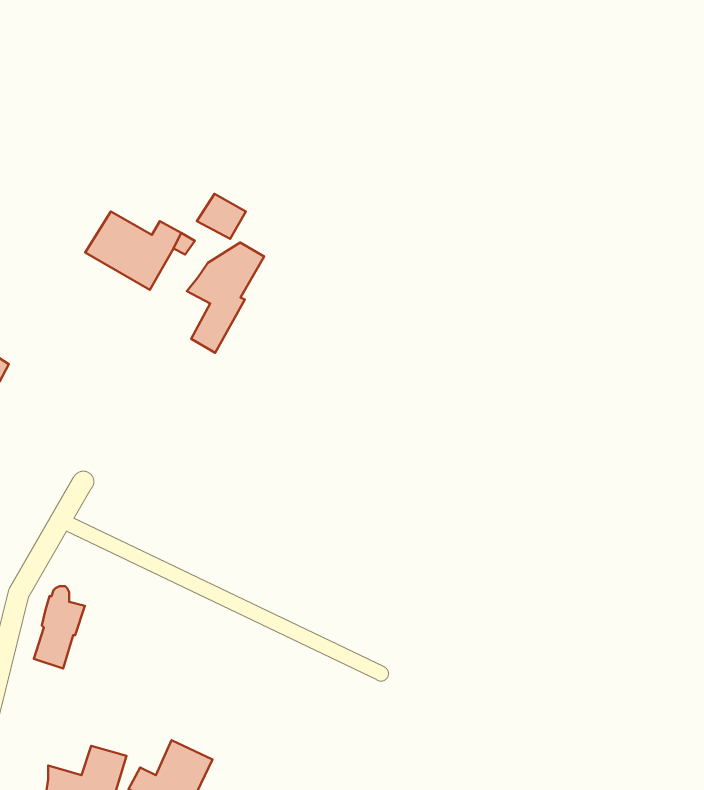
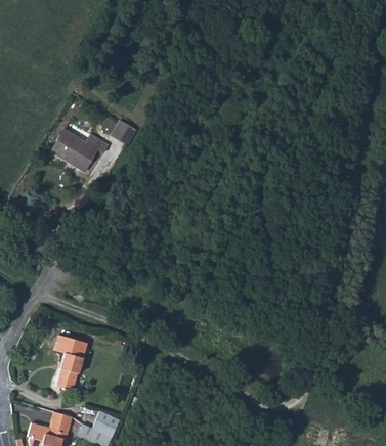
building: [187,243,264,353] -> none
building: [34,586,85,668] -> [57,347,84,390]

